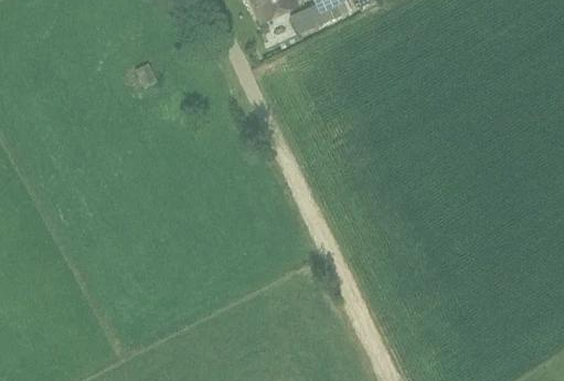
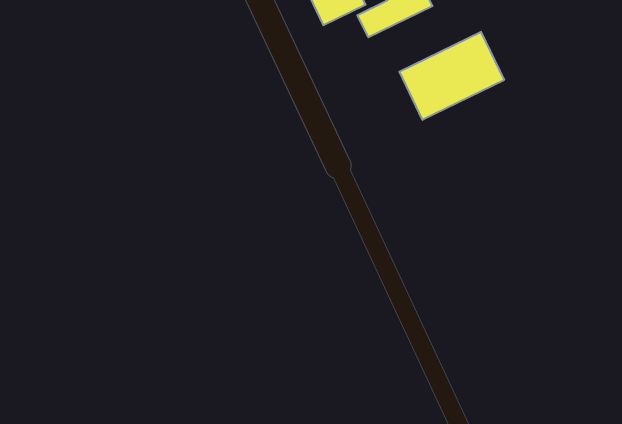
building: none -> [399,32,504,120]

